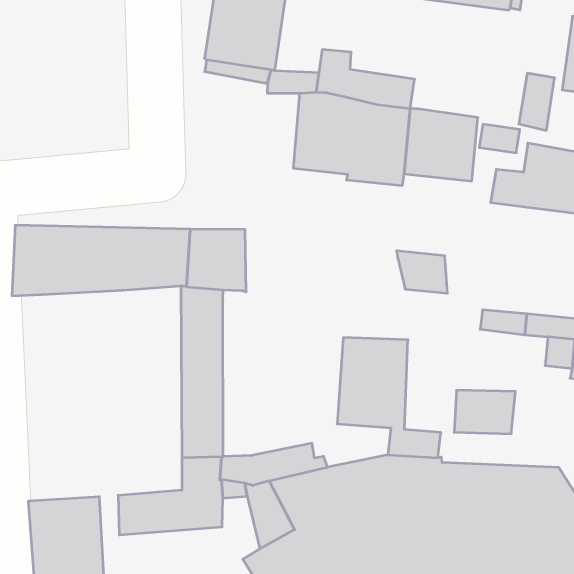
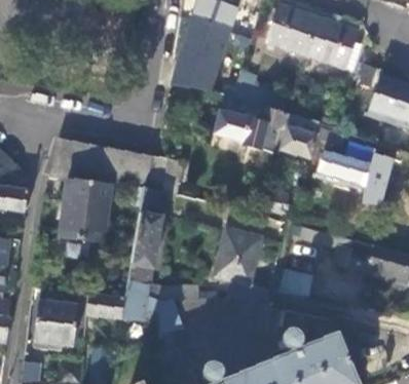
building: none -> [61,180,111,243]

